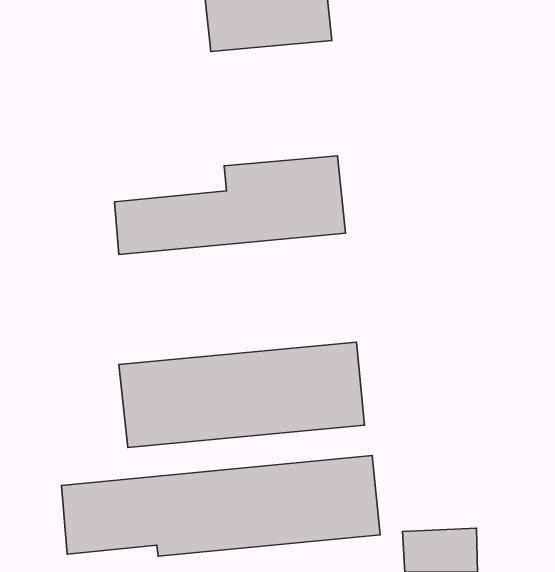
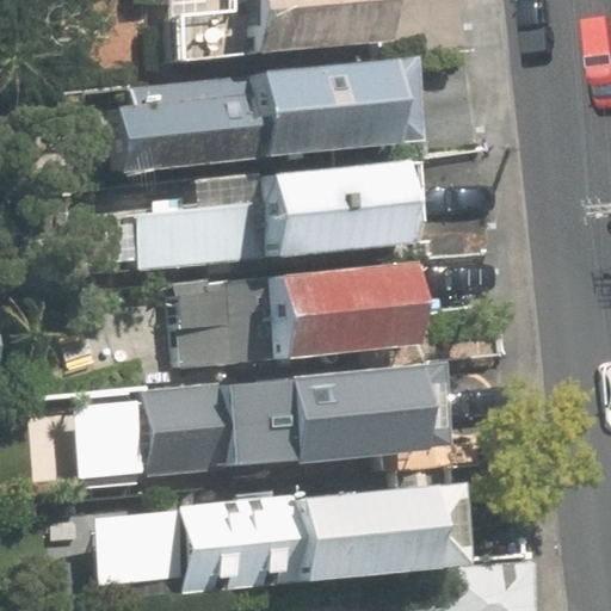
building: none -> [109,57,377,172]
building: none -> [179,263,399,366]

